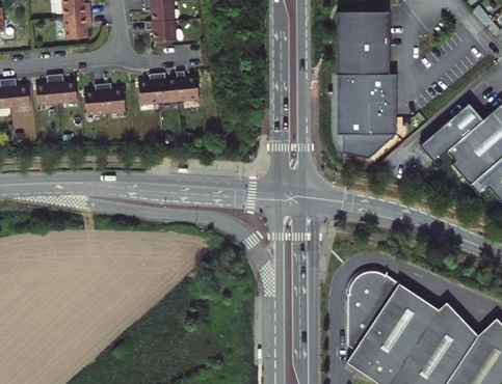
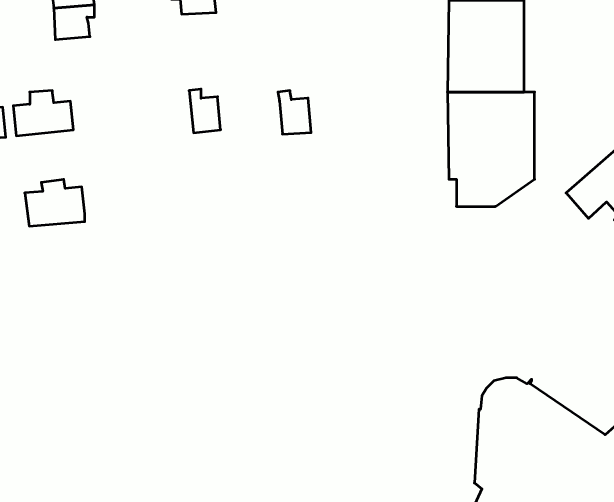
building: [146,21,177,42] -> none
building: [176,72,199,102] -> [278,91,311,134]
building: [138,75,160,105] -> none
building: [83,83,125,115] -> [25,179,85,226]

